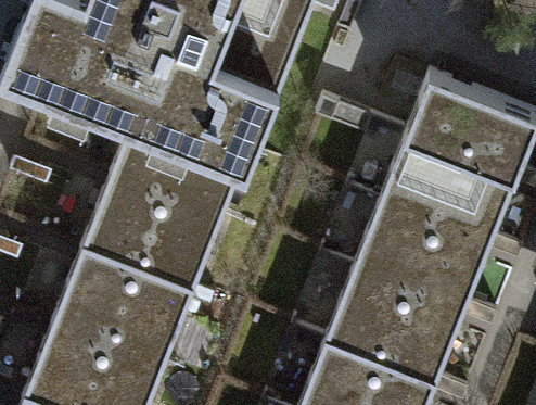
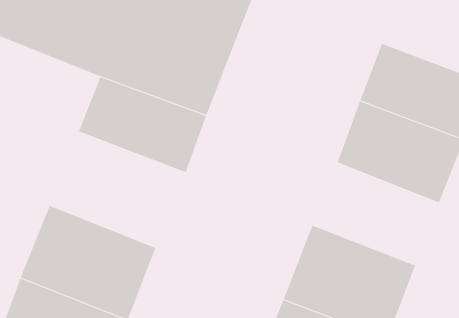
building: [78,177,221,299] -> none
building: [353,210,486,317] -> none

